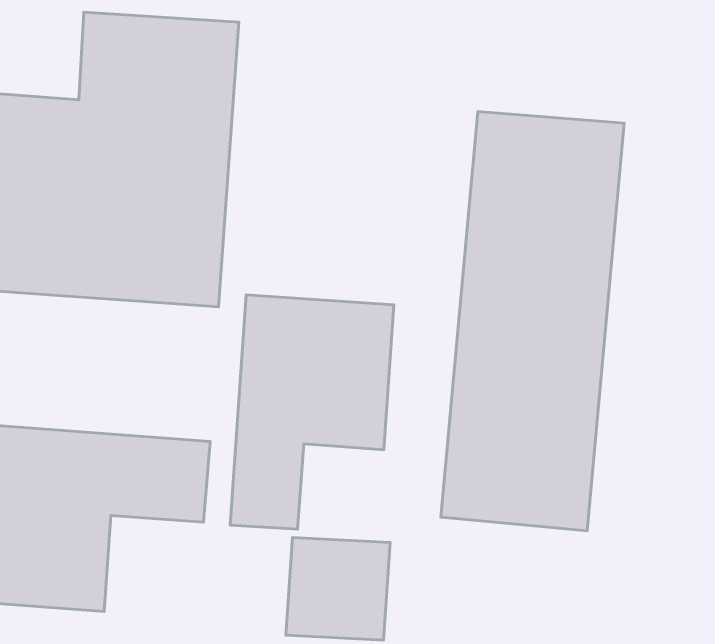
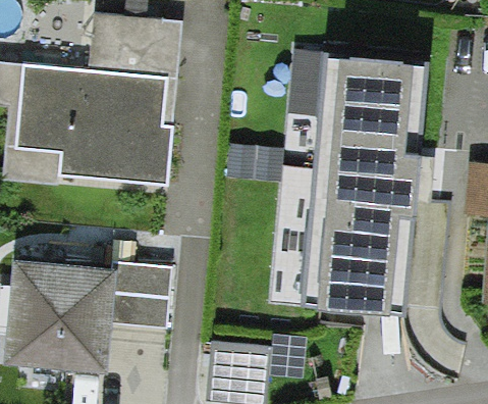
building: [230,295,394,529] -> none

